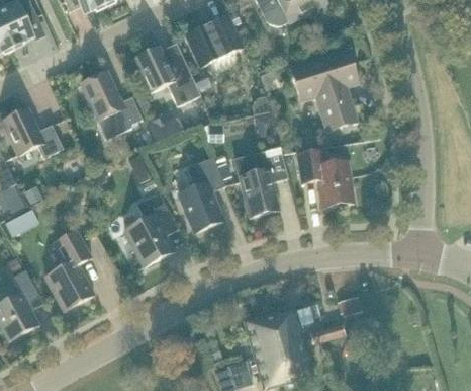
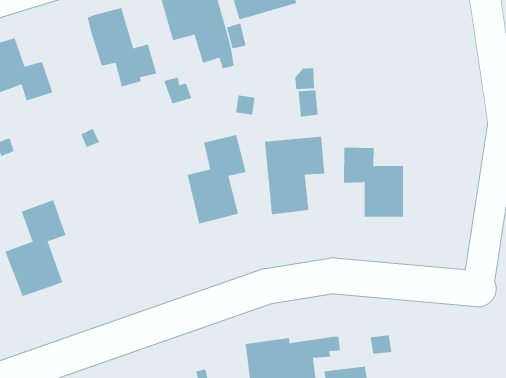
building: [290,50,358,127] -> none
building: [124,192,174,266] -> none

